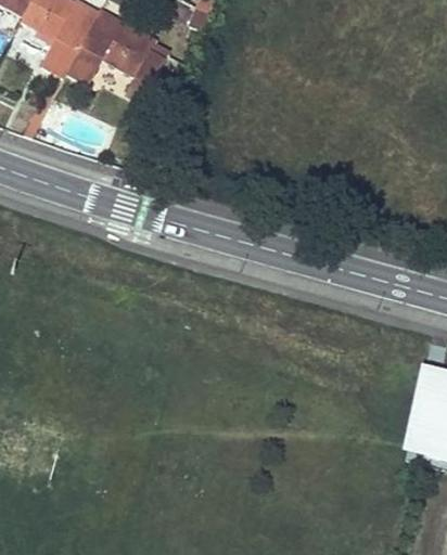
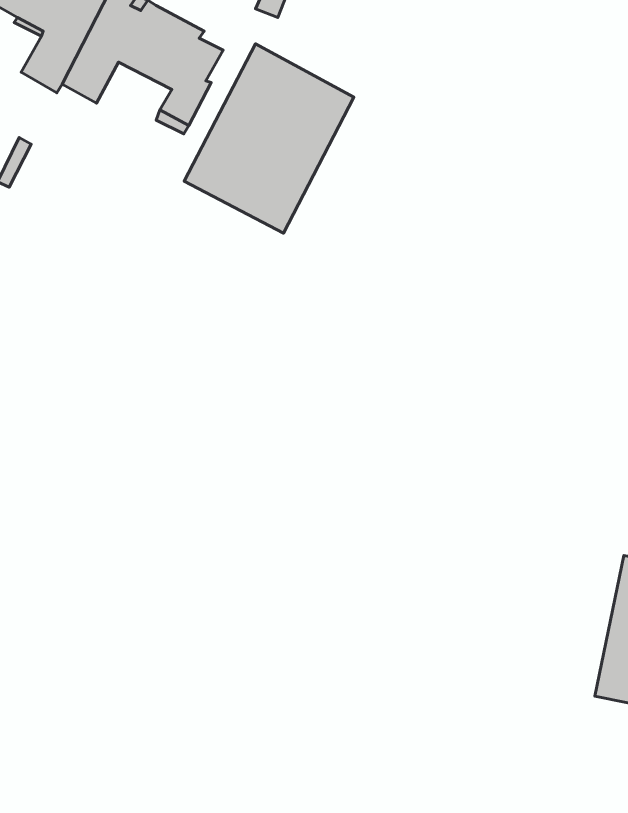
building: none -> [184,44,354,233]

